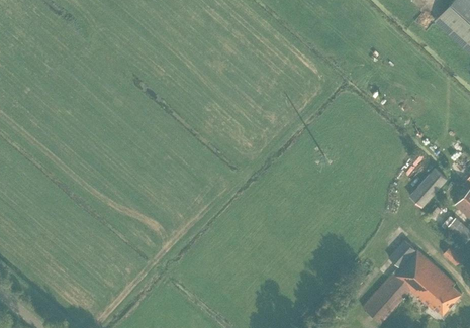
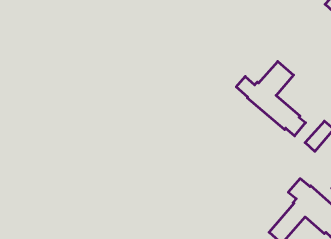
building: none -> [236,61,306,136]

